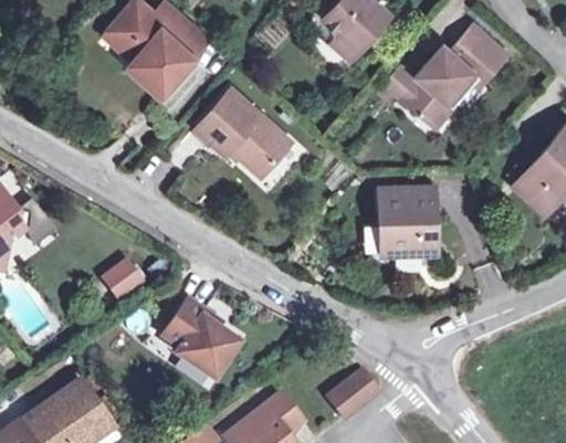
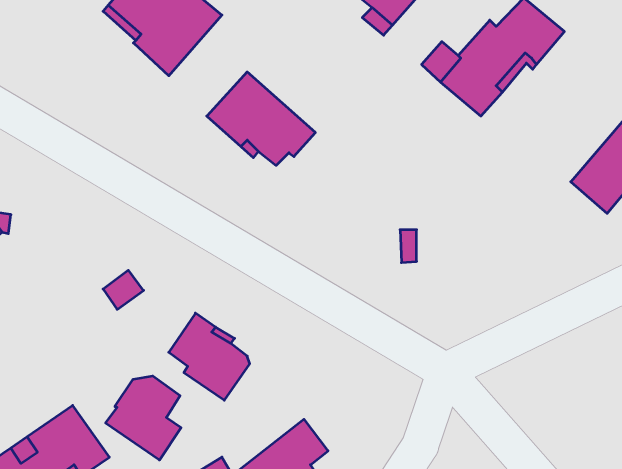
building: [379,186,437,254] -> none
building: none -> [106,376,181,460]
building: [328,371,378,419] -> none

